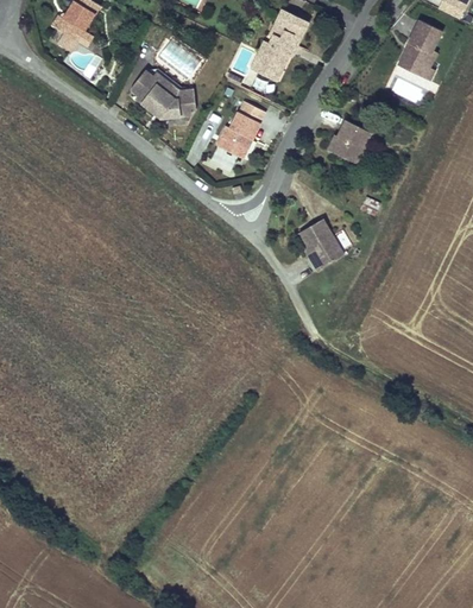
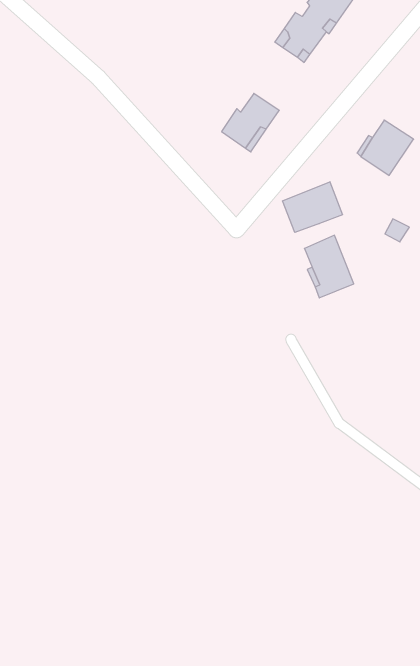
building: [131,68,194,119] -> none
building: none -> [282,182,342,232]

